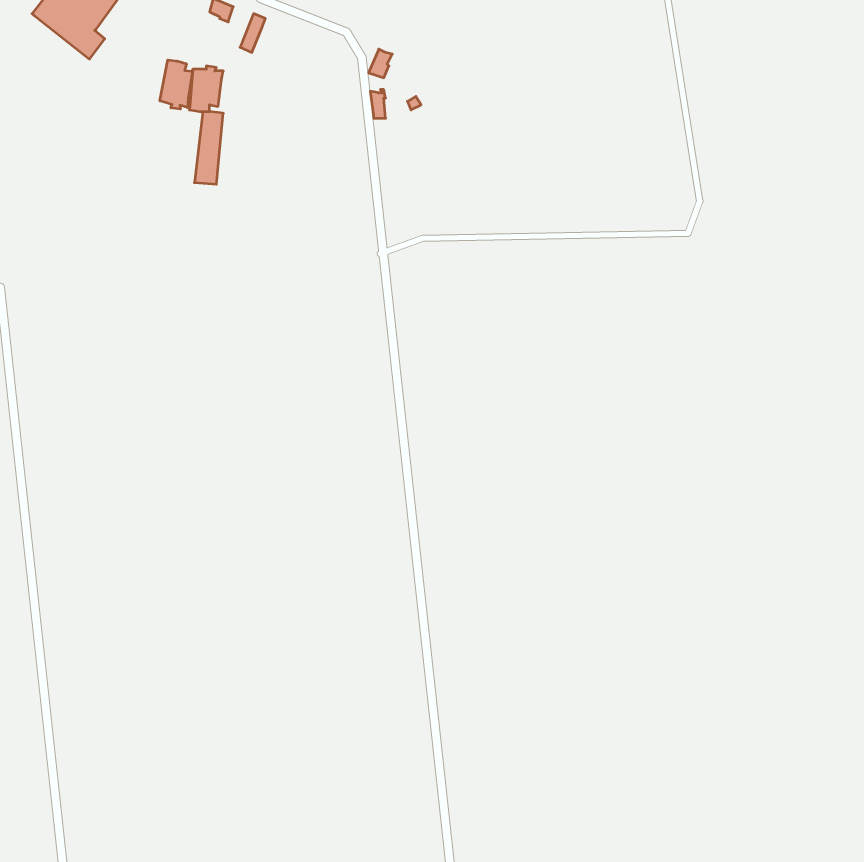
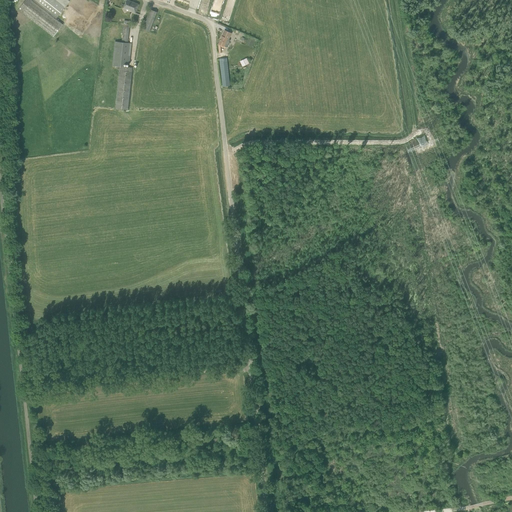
building: [160,60,193,109] -> none

